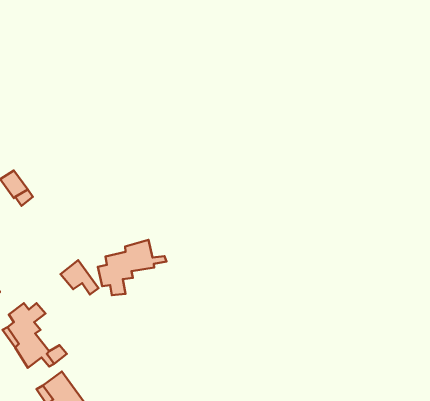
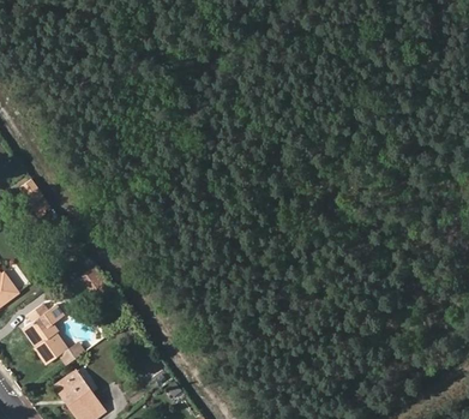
building: [98,240,167,295] -> none

